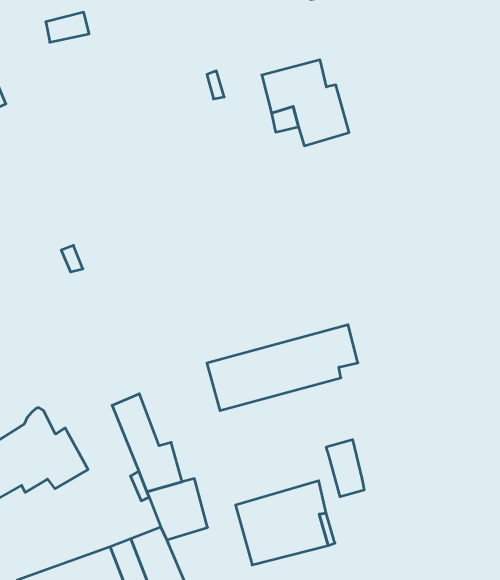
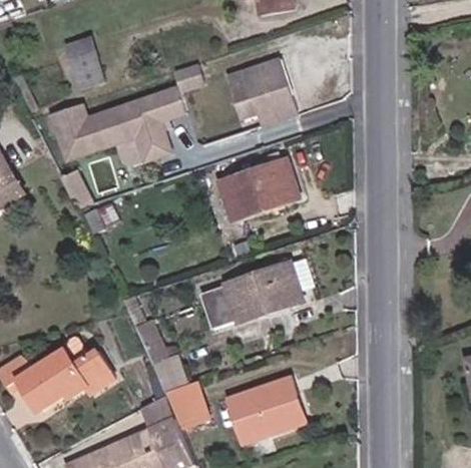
building: none -> [67,52,106,90]
building: none -> [54,83,192,166]
building: none -> [218,161,299,218]
building: [326,440,364,497] -> none

